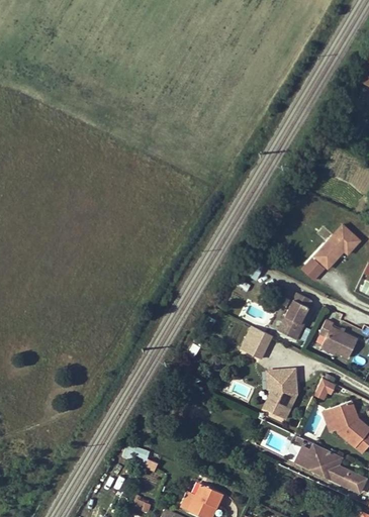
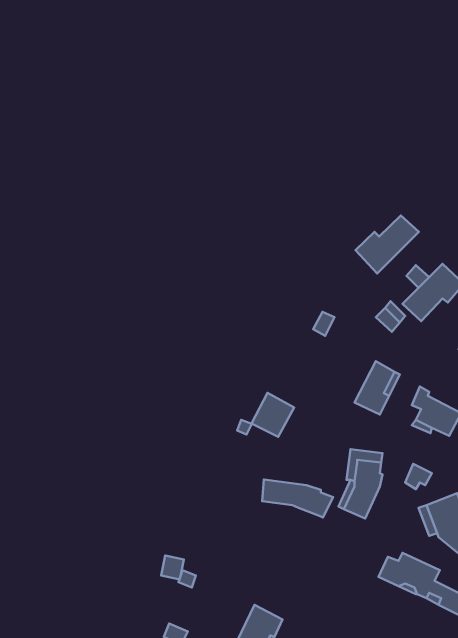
building: none -> [356,215,419,274]
building: [240,324,272,357] -> [251,393,294,437]
building: none -> [262,479,333,518]

